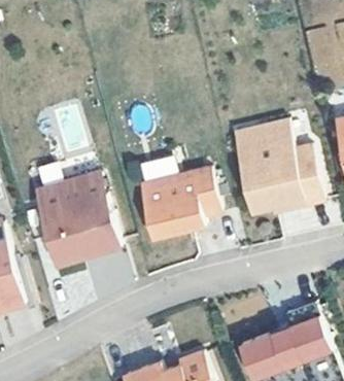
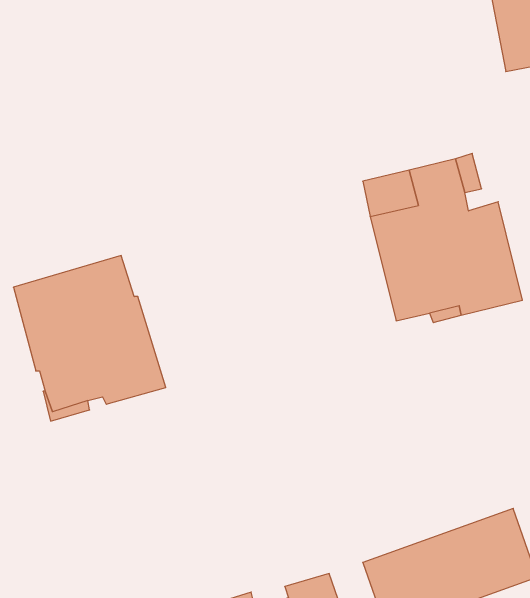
building: [138,171,219,241] -> none

